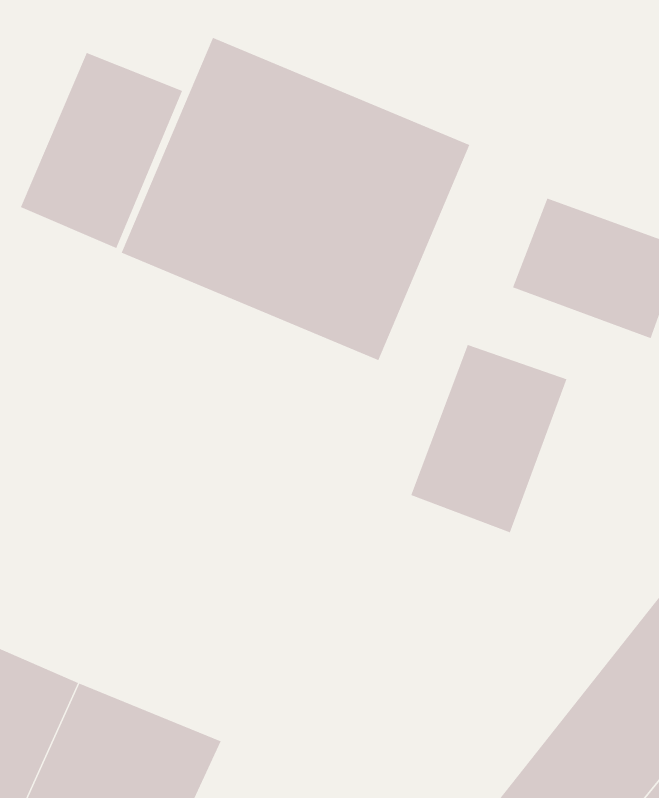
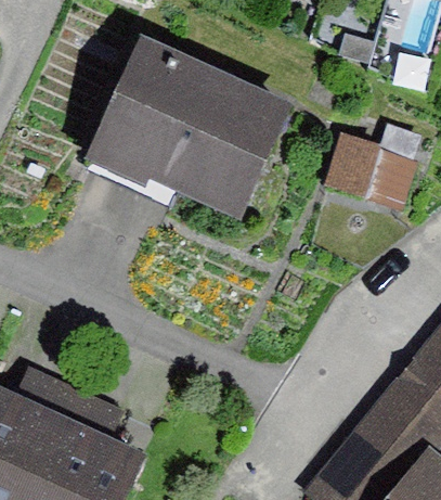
building: [20,52,183,249] -> none
building: [410,344,567,533] -> none

